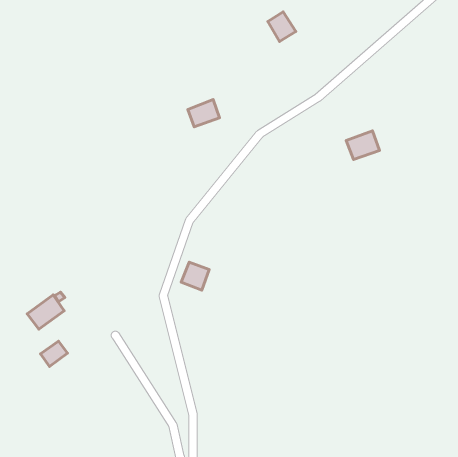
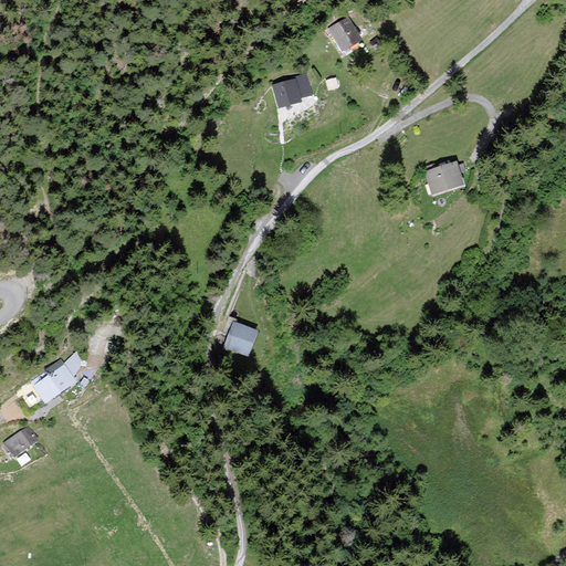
building: [188,100,219,127] -> [272,73,311,106]
building: [40,341,67,367] -> [6,426,39,457]

